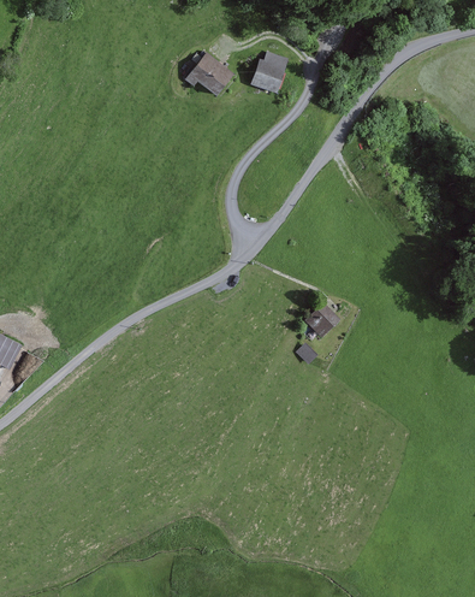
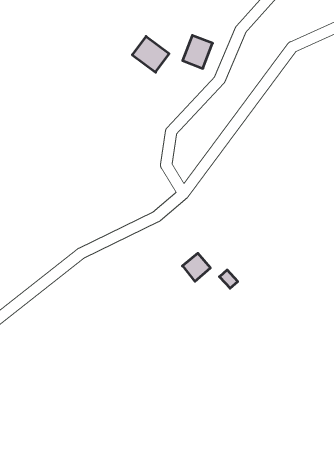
building: [308,303,343,338] -> [182,253,210,281]

